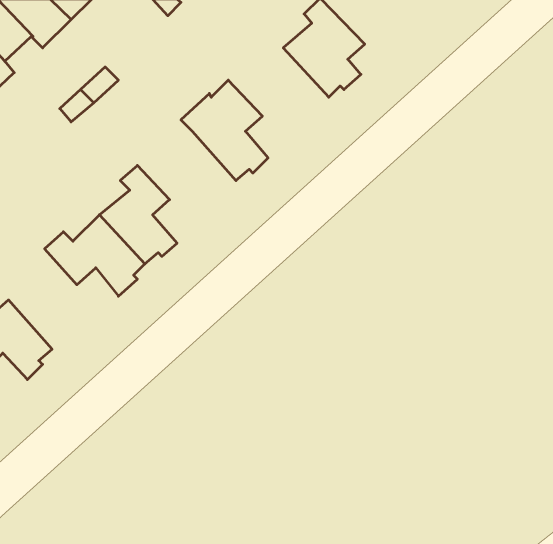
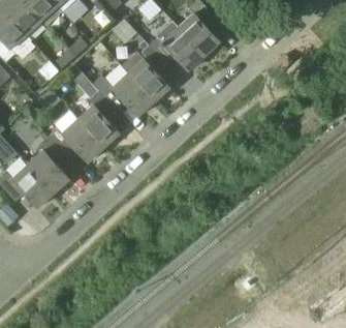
building: none -> [147,21,201,70]
building: none -> [91,72,151,116]
building: none -> [27,137,68,191]

